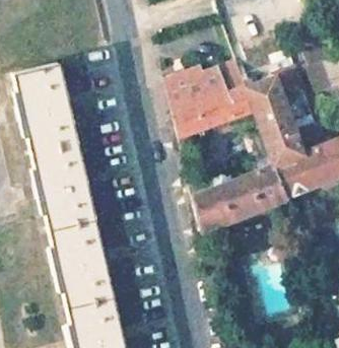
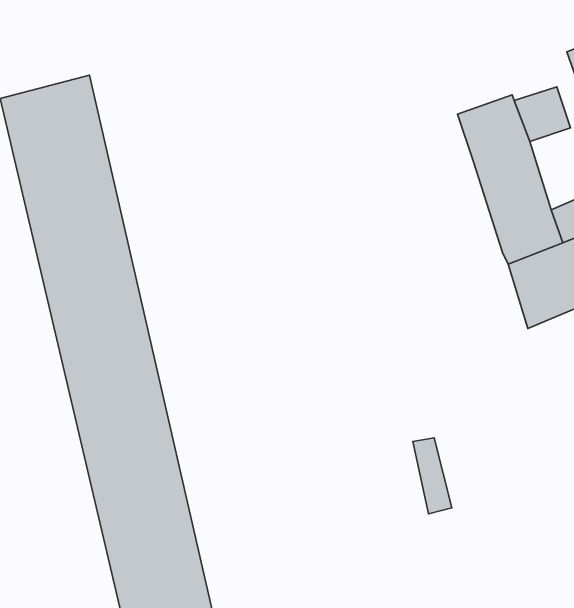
building: [171,64,259,139] -> none
building: [194,157,287,231] -> none

